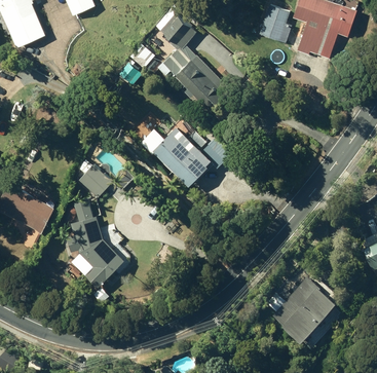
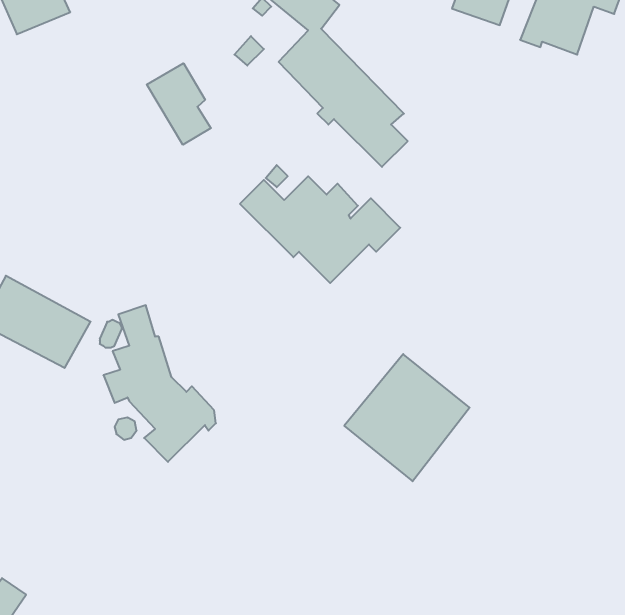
building: none -> [147,63,211,145]
building: [76,163,110,197] -> none
building: [274,278,344,349] -> [344,354,470,481]

